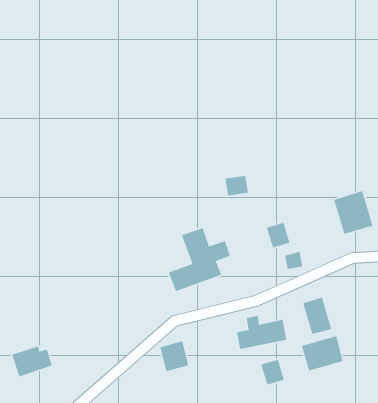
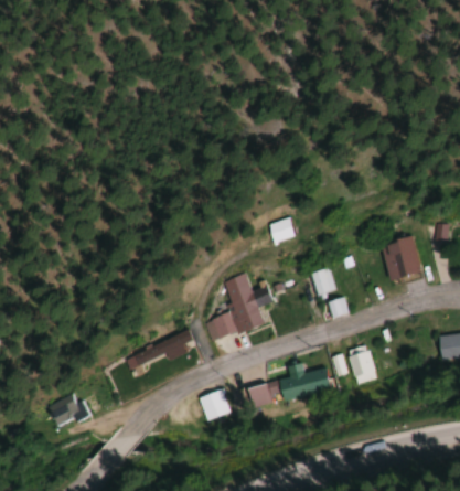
building: none -> [124,329,193,374]
building: [301,335,344,372] -> none
building: [260,359,285,386] -> [248,383,274,410]

